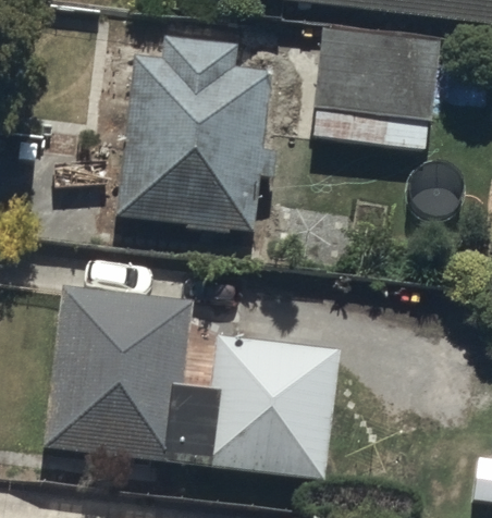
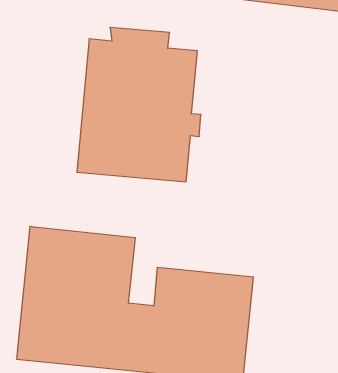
building: [310,27,436,141] -> none

